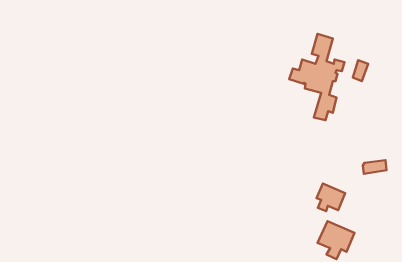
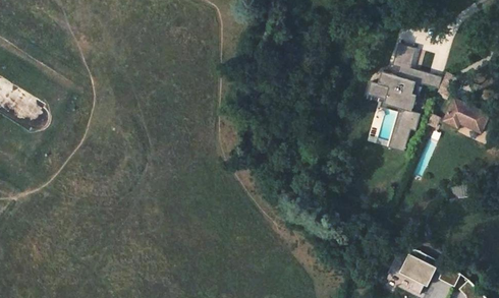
building: none -> [443,98,488,131]
building: [316,183,345,211] -> none

